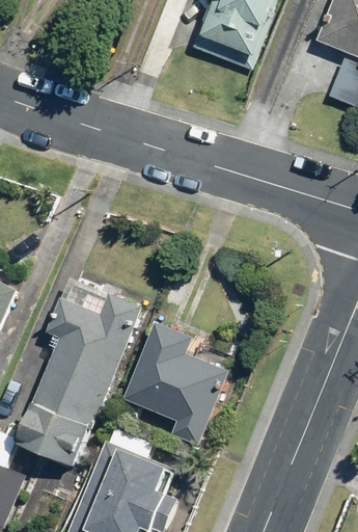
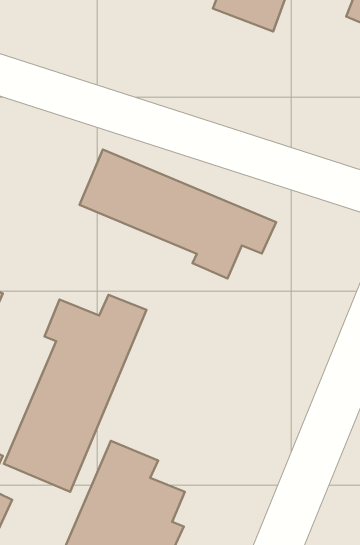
building: none -> [80,149,276,278]
building: [125,324,226,445] -> none

